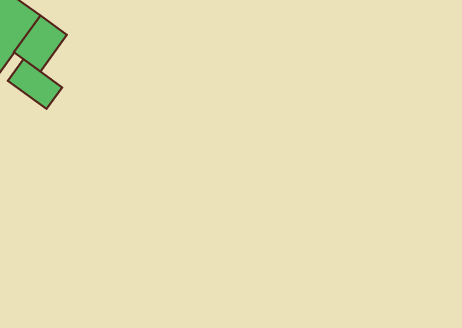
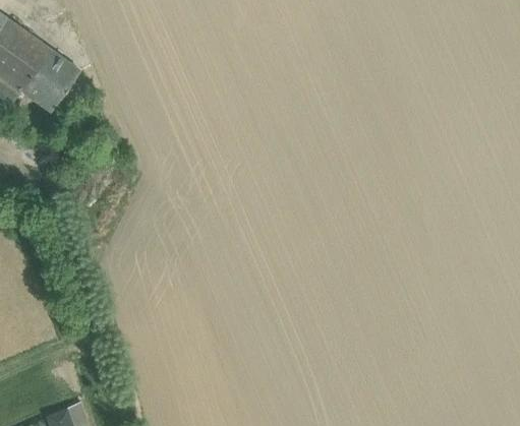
building: [8,59,62,109] -> none

